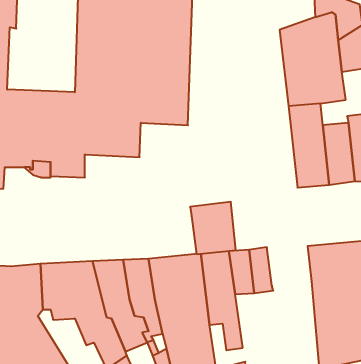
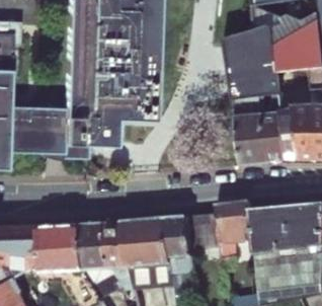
building: [190,202,236,254] -> [216,201,252,242]

